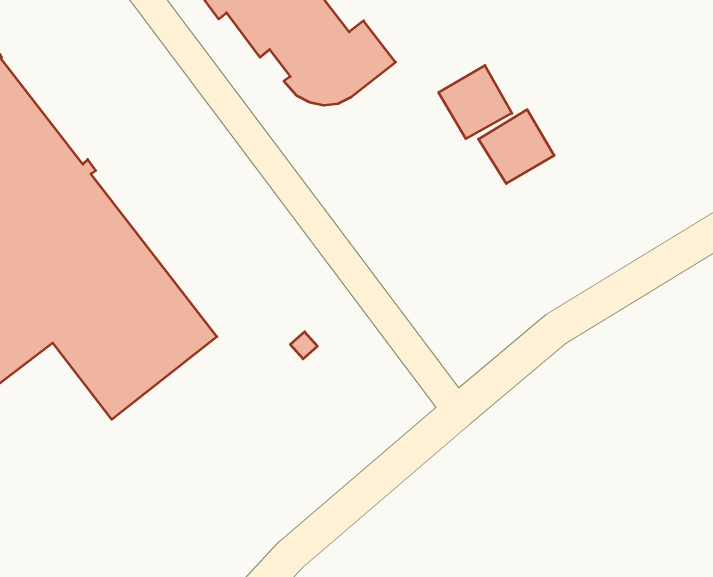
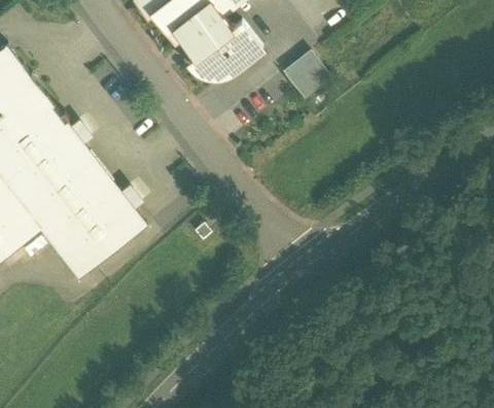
building: [478,110,554,184] -> none

